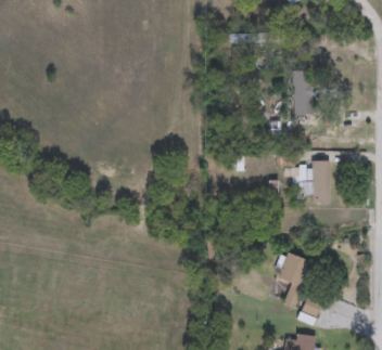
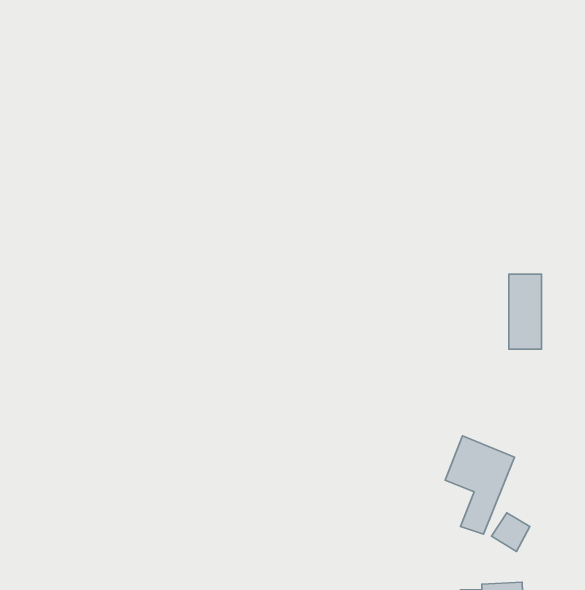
building: [293,70,314,114] -> none

